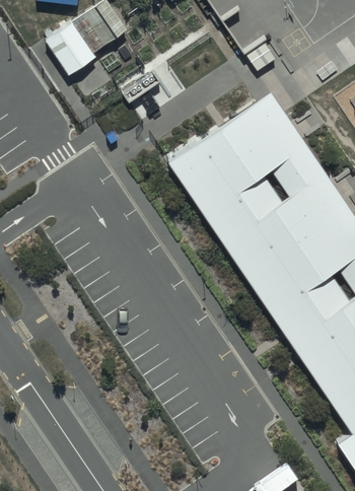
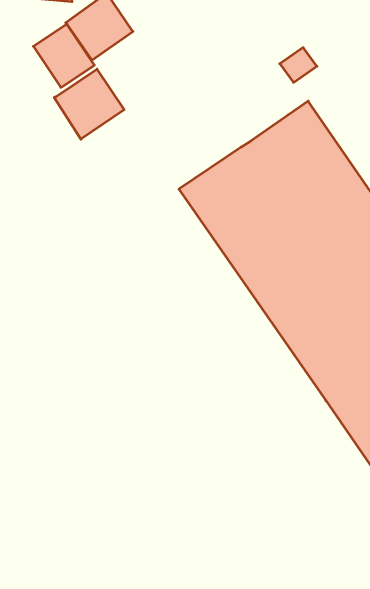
building: none -> [54,69,124,139]

